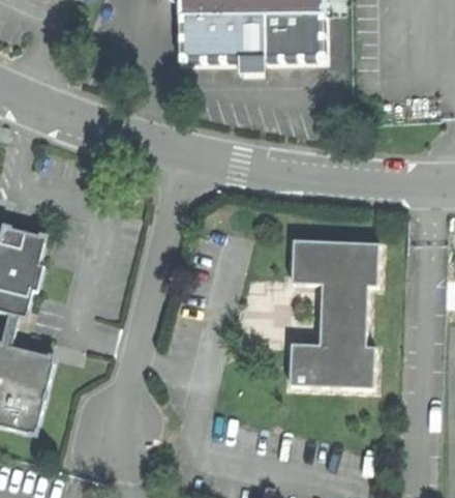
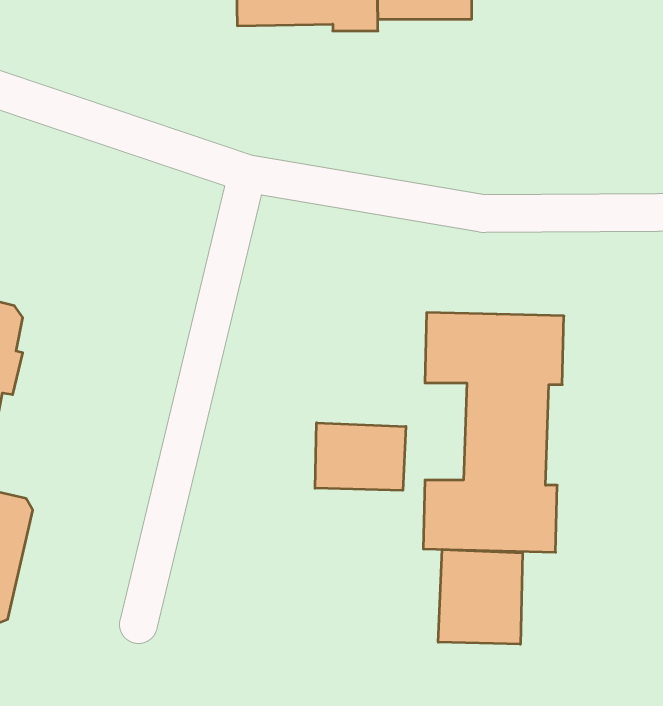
building: none -> [315,423,406,490]
building: none -> [438,549,523,644]

